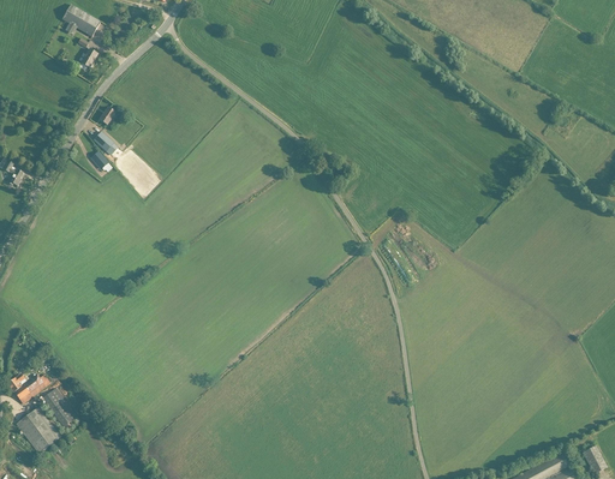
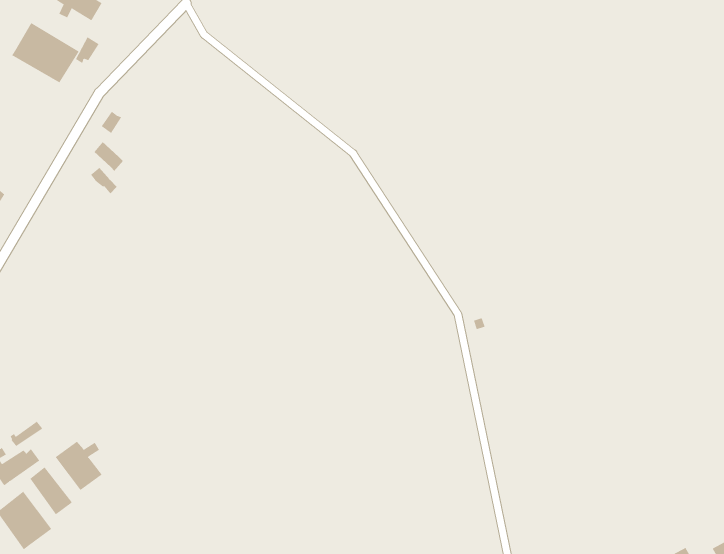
building: none -> [12,22,79,83]
building: none -> [55,441,102,491]

